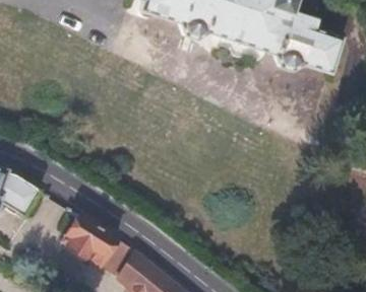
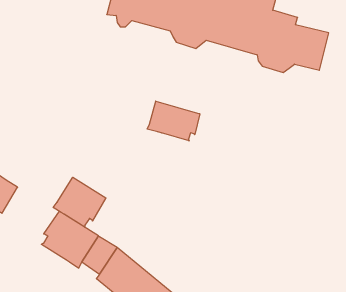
building: none -> [147,101,200,141]
building: none -> [53,177,106,227]

